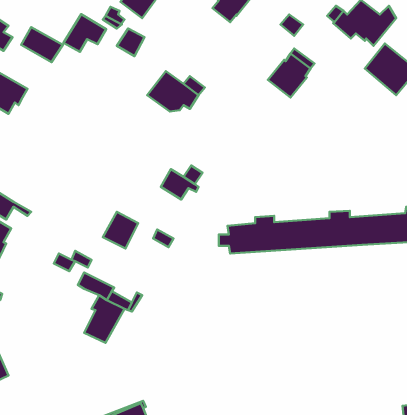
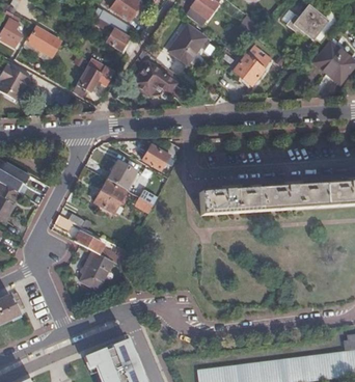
building: [63,14,106,52] -> [78,60,113,91]
building: none -> [168,25,207,64]
building: none -> [107,160,136,188]

